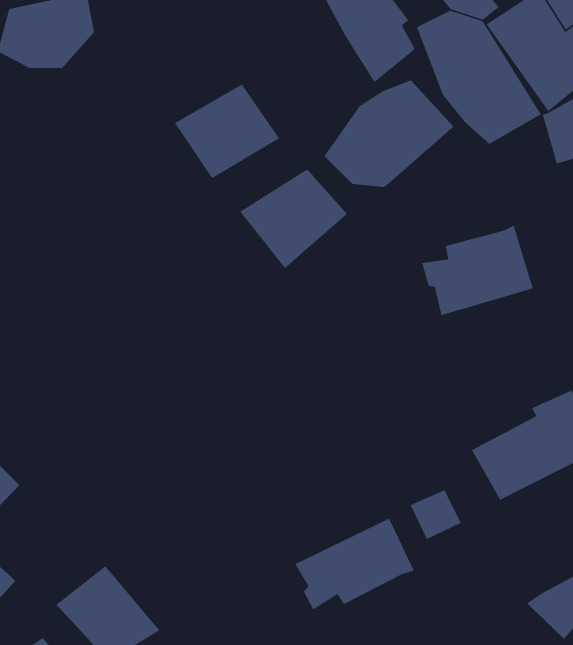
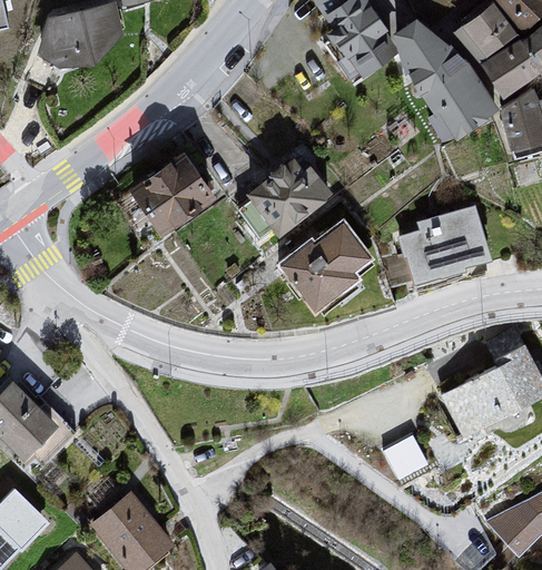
building: [323,80,454,188] -> none
building: [174,84,280,179] -> [127,156,217,237]
building: none -> [276,220,372,315]
building: [294,517,415,611] -> none

